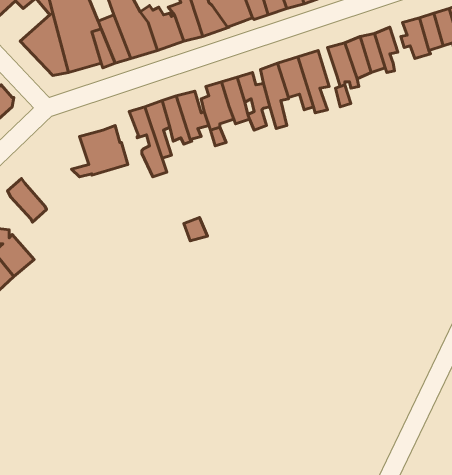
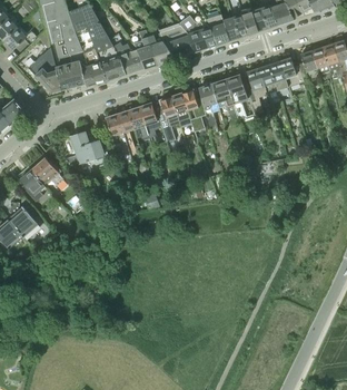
building: none -> [30,158,63,186]

